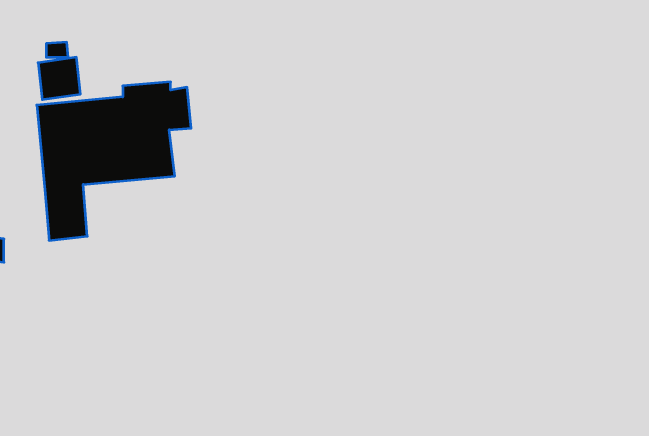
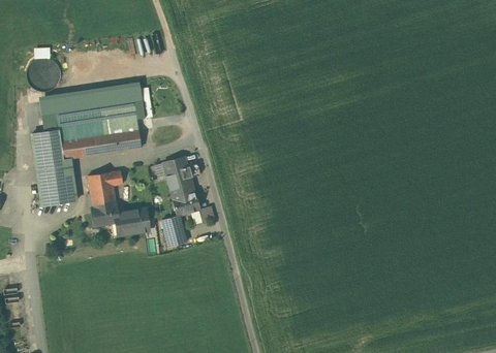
building: none -> [162,159,203,254]
building: none -> [84,169,149,234]

